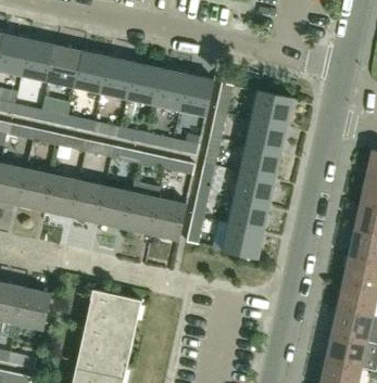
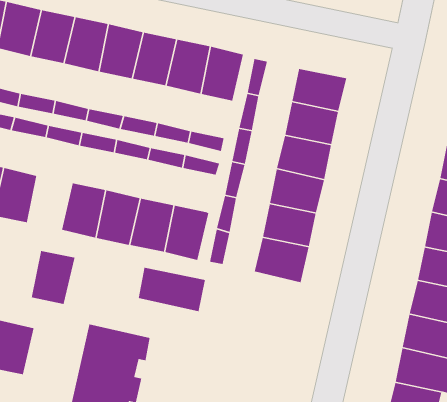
building: [46,174,80,216] -> [31,250,75,305]
building: none -> [138,267,206,312]

